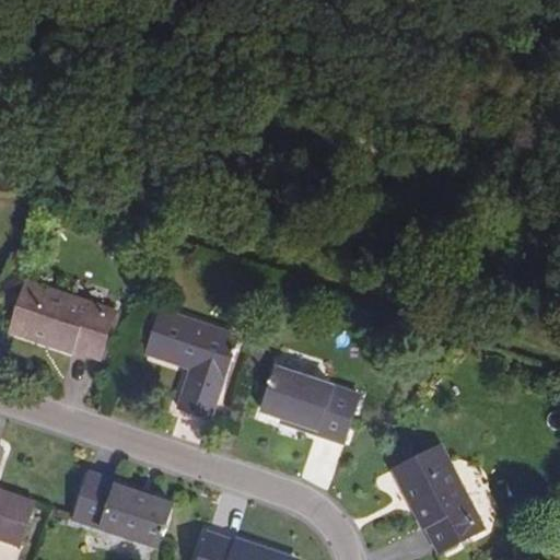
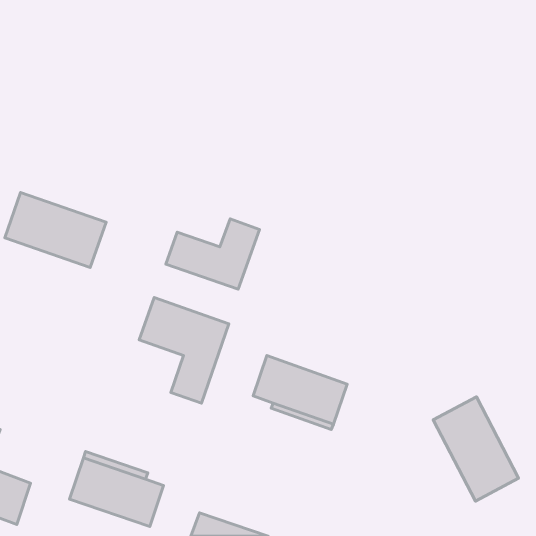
building: none -> [166,219,259,289]
building: [9,280,114,358] -> [5,192,106,267]
building: [394,443,482,551] -> [433,397,519,501]

